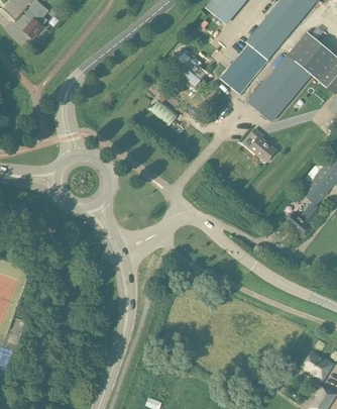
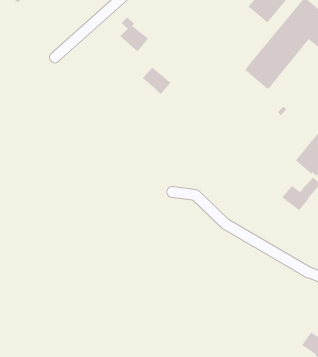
building: [221,40,270,94] -> none
building: [178,52,206,86] -> [119,16,149,52]
building: [248,127,276,163] -> none

